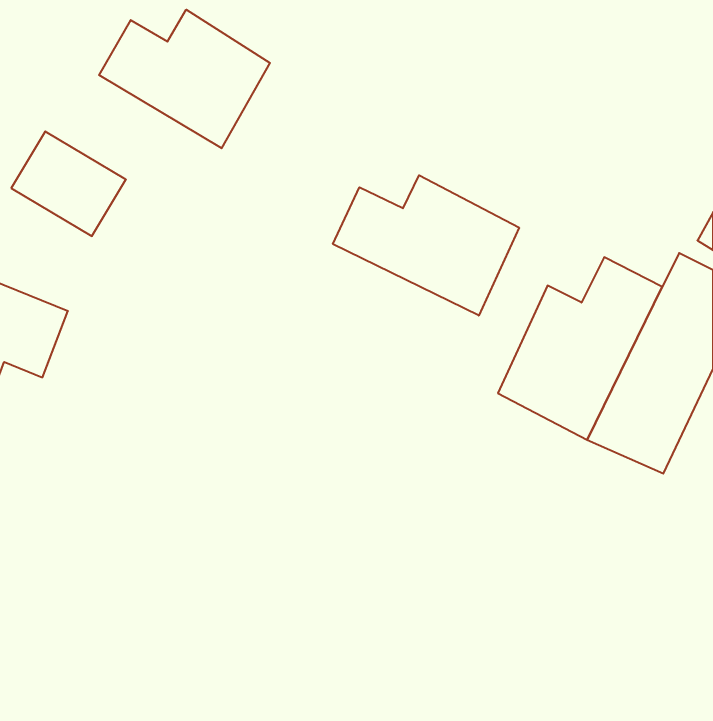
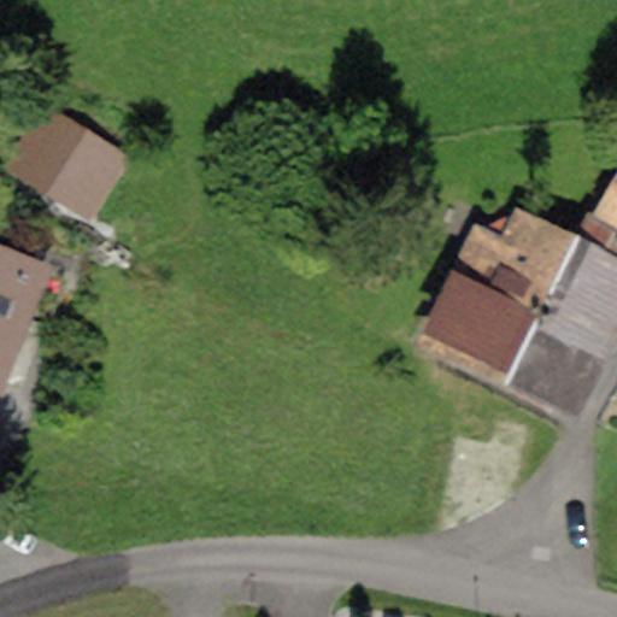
building: [99,10,270,148] -> none
building: [333,175,519,316] -> none

